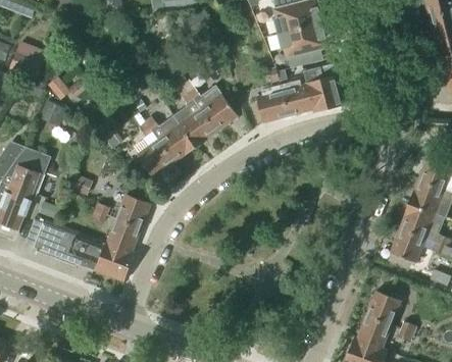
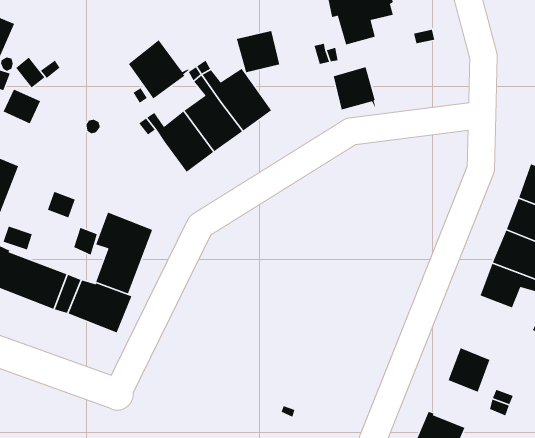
building: none -> [128,39,189,99]
building: [304,64,343,113] -> none
building: [256,91,289,122] -> [236,30,280,73]
building: [137,140,174,177] -> none
building: [357,315,390,350] -> none

